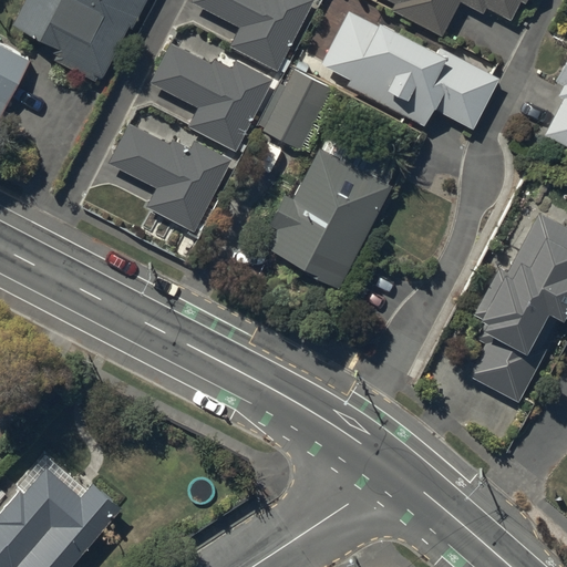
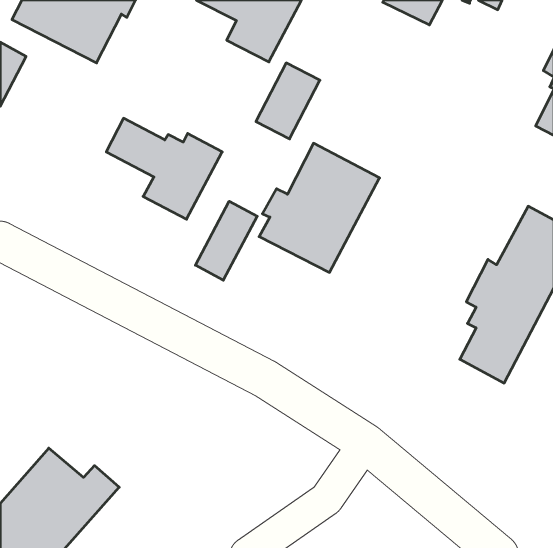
building: [321,12,496,126] -> none
building: [152,47,270,150] -> none
building: none -> [195,201,257,280]

